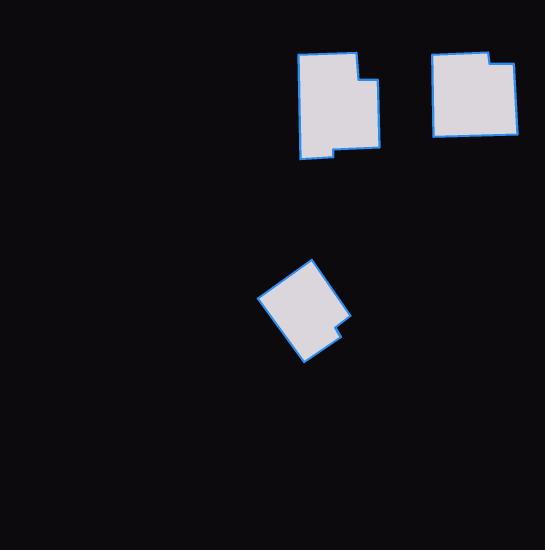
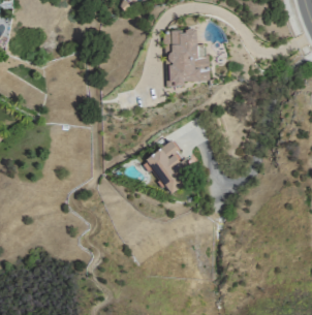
building: [432,52,517,137] -> none

